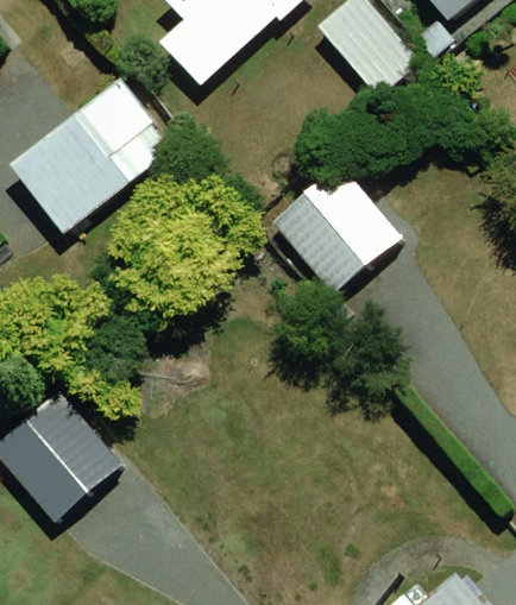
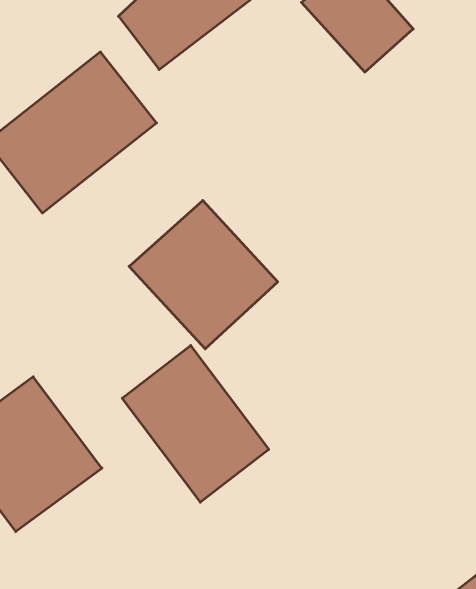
building: [264,156,403,295] -> [129,200,278,349]
building: none -> [122,345,269,502]

